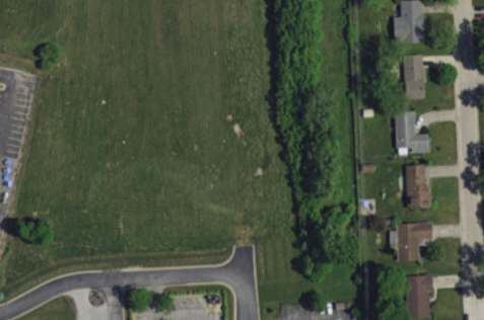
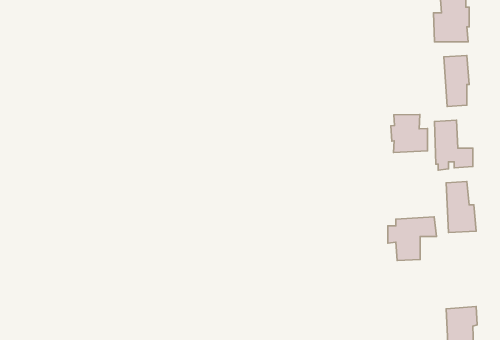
building: none -> [391,114,428,153]
building: [391,222,433,260] -> [388,217,436,261]

